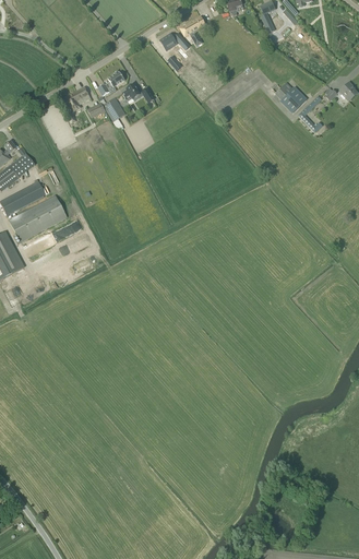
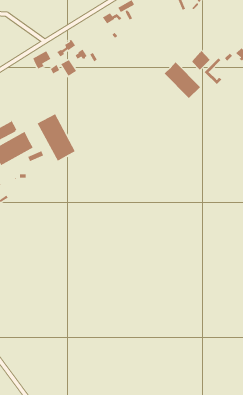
building: none -> [164,62,201,99]
building: none -> [37,113,76,162]

